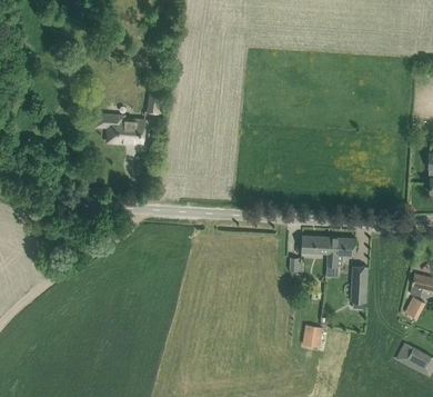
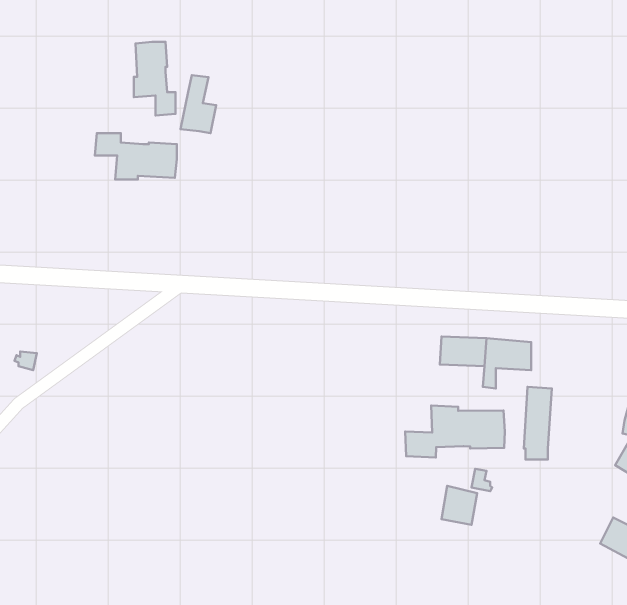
building: none -> [134,42,175,116]
building: none -> [405,406,505,457]

